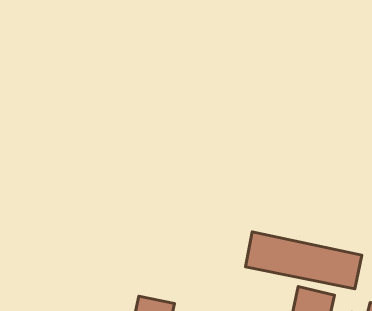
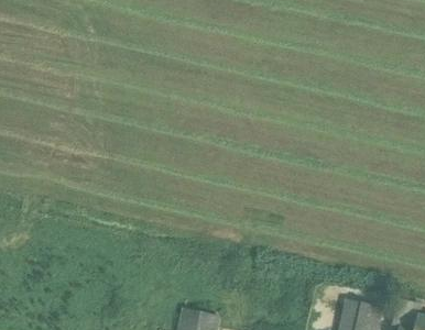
building: [245,232,362,289] -> none

